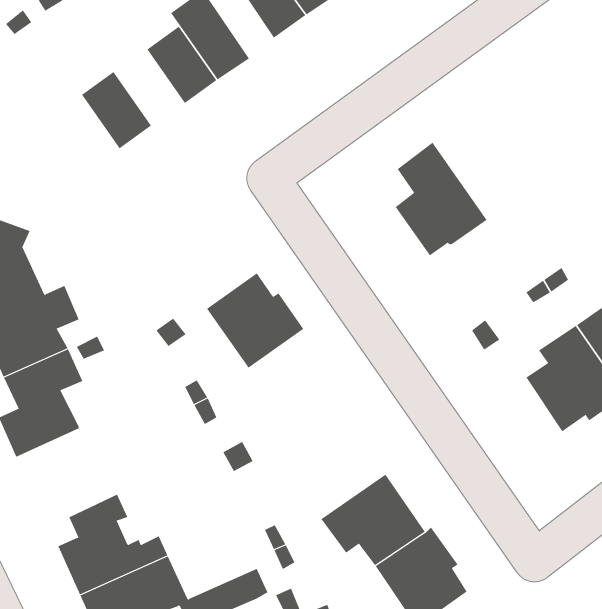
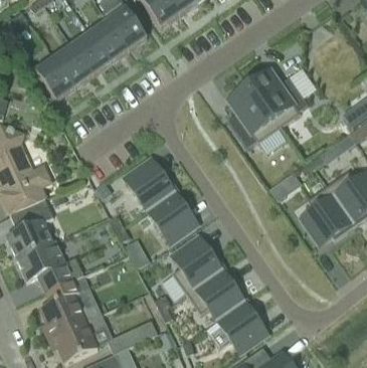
building: none -> [71,32,111,74]
building: none -> [33,54,74,100]
building: none -> [248,69,309,127]
building: none -> [146,187,198,242]
building: none -> [171,234,222,293]
building: none -> [17,240,83,292]

